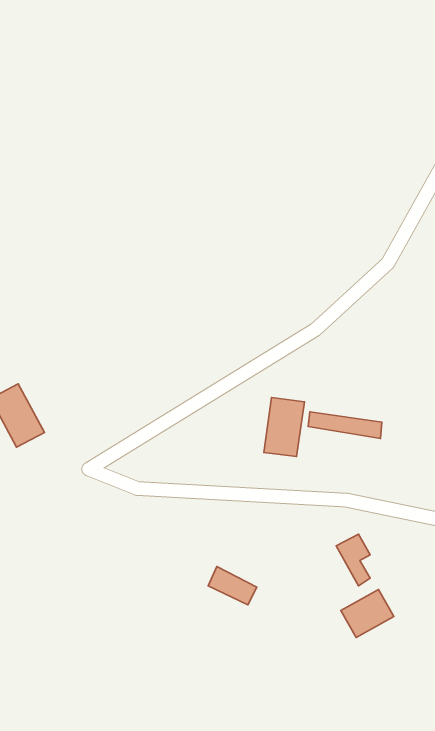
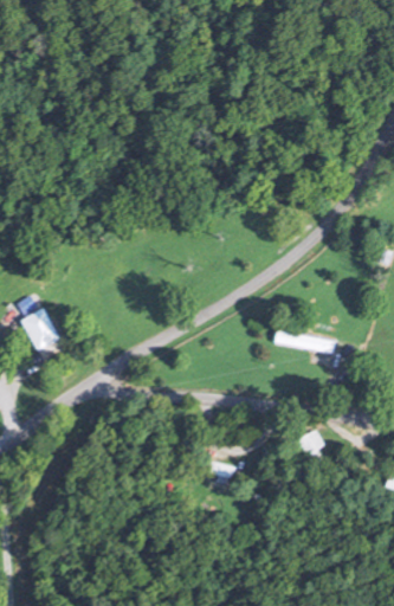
building: [264,398,304,457] -> none
building: [341,590,394,637] -> none

